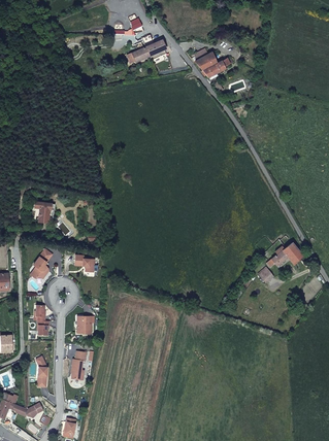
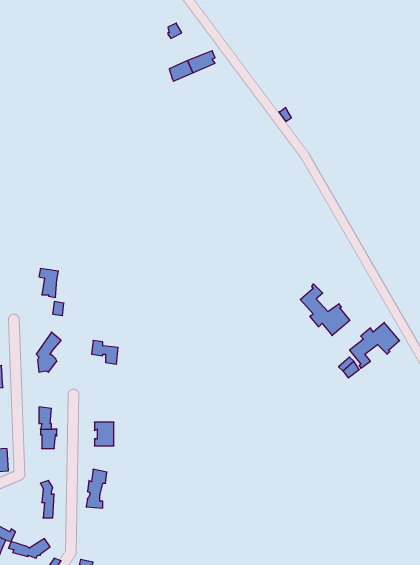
building: [195,52,232,77] -> none
building: none -> [300,284,350,336]

